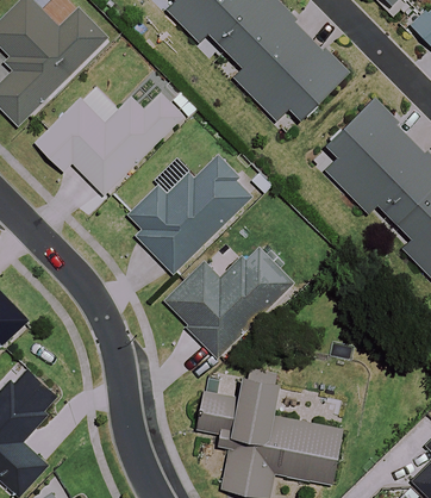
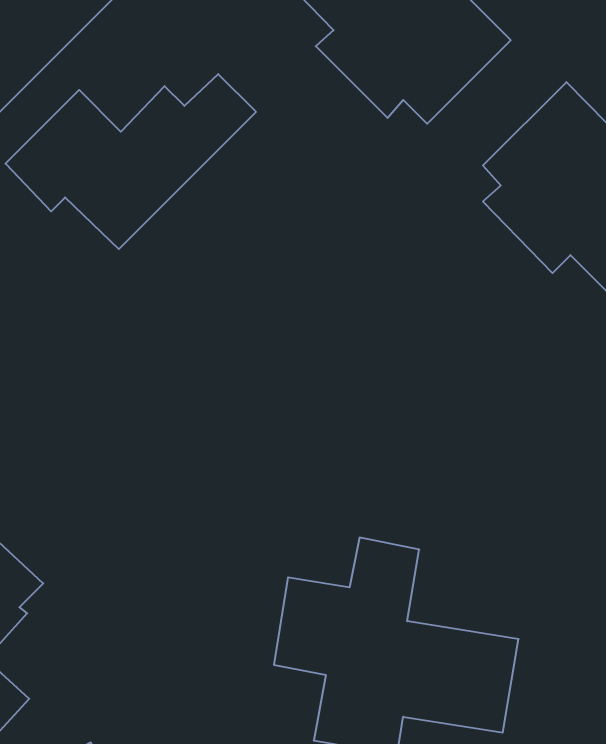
building: [125,150,255,274] -> none
building: [163,243,293,356] -> none

